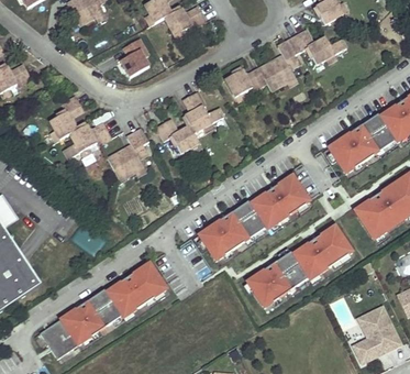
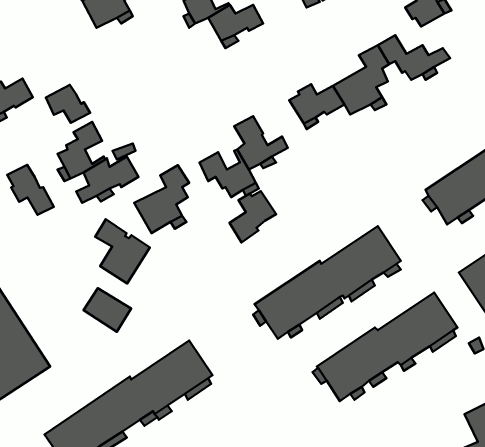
building: [117,37,151,78] -> none
building: none -> [46,85,90,123]
building: none -> [7,165,54,215]
building: none -> [230,191,276,242]
building: none -> [95,219,150,283]

